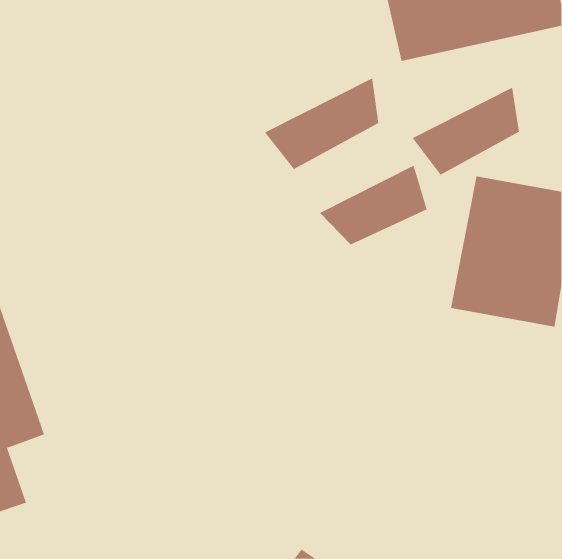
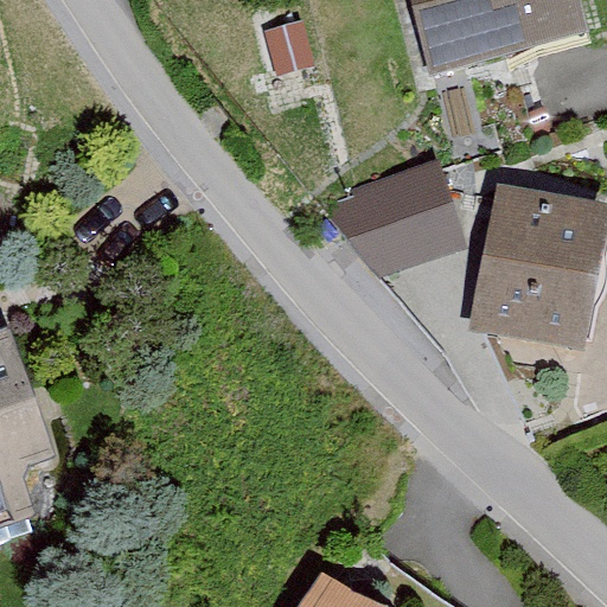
building: [264,77,379,170] -> none
building: [412,87,520,175] -> none

